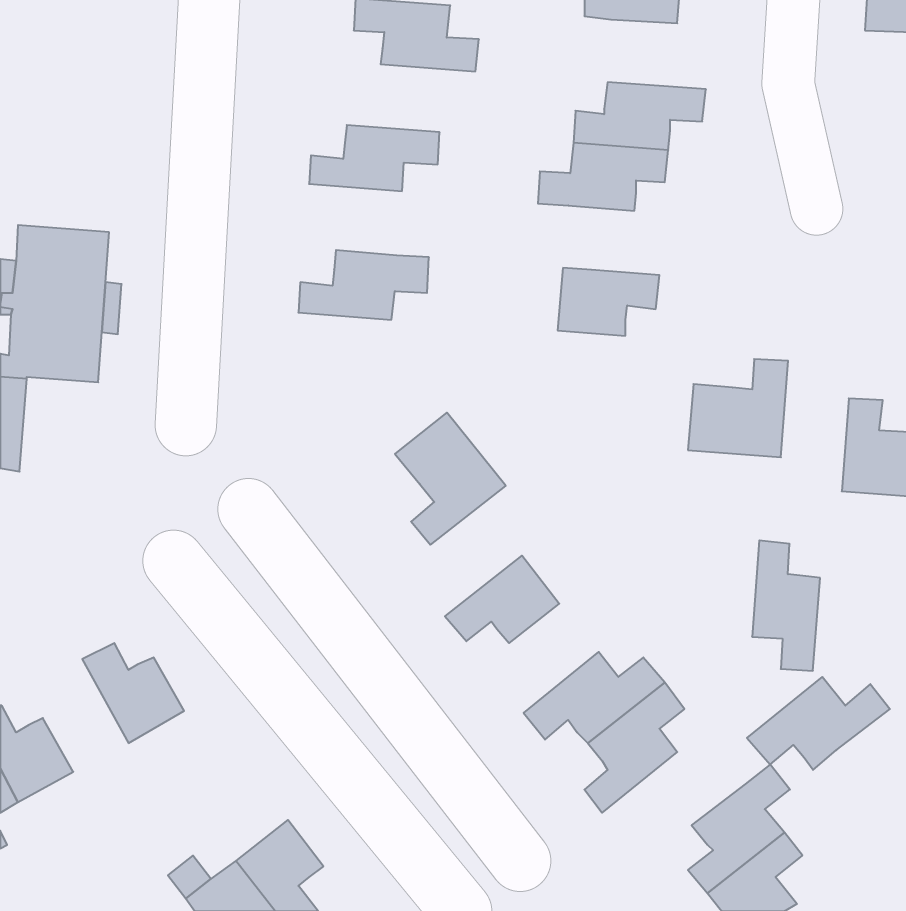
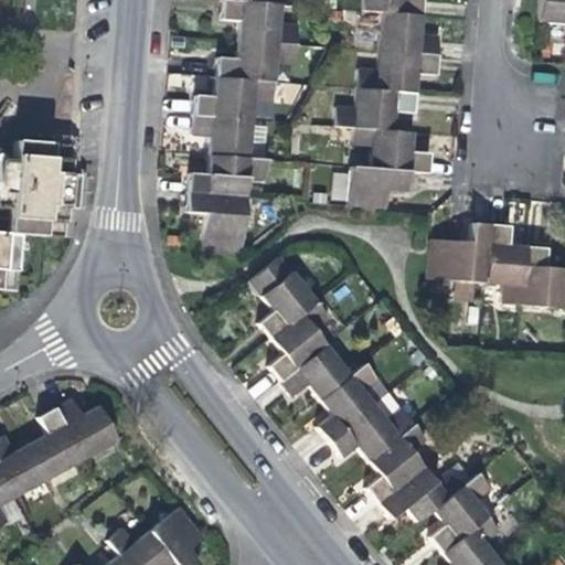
building: none -> [380,12,441,55]
building: none -> [218,40,298,82]
building: none -> [193,114,253,158]
building: none -> [353,127,433,171]
building: none -> [186,193,246,254]
building: none -> [269,300,331,381]
building: [752,540,820,671] -> [487,223,529,303]
building: none -> [316,361,379,440]
building: none -> [31,407,84,477]
building: [747,677,890,770] -> [376,465,465,522]

